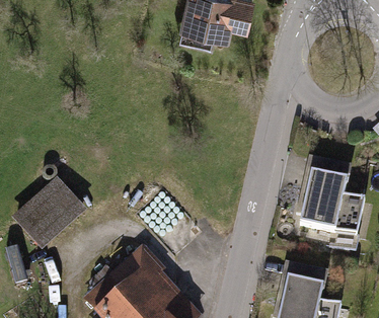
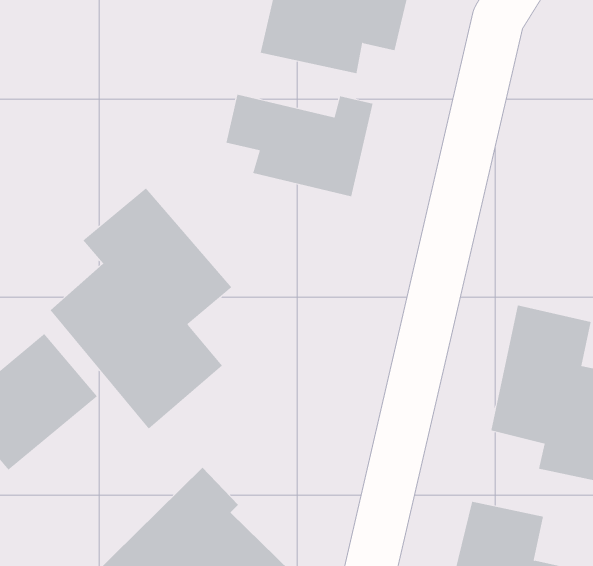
building: none -> [226,94,373,197]
building: none -> [50,188,232,429]

